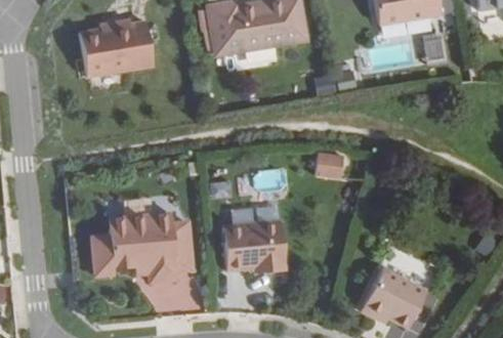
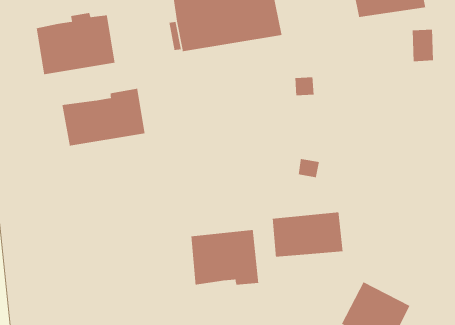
building: none -> [61,88,146,146]
building: none -> [272,211,343,257]
building: [91,212,190,282] -> none

